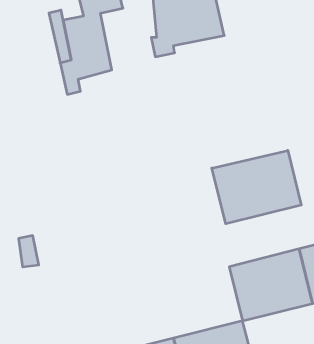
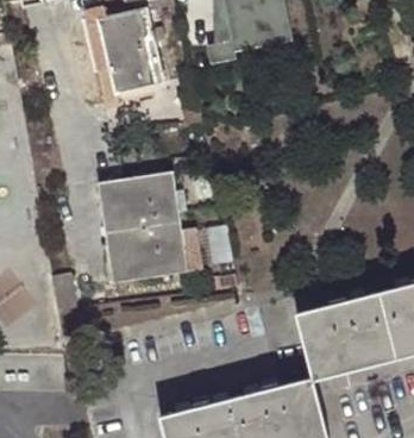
building: none -> [100,175,189,283]
building: [212,150,301,224] -> none

